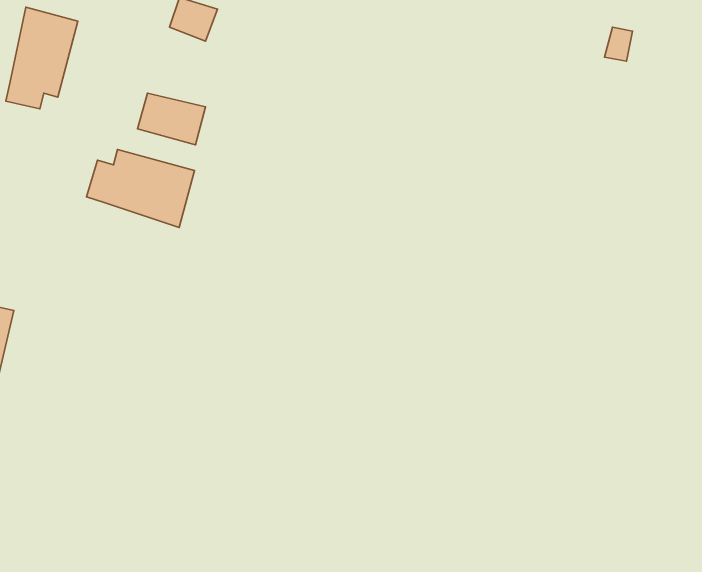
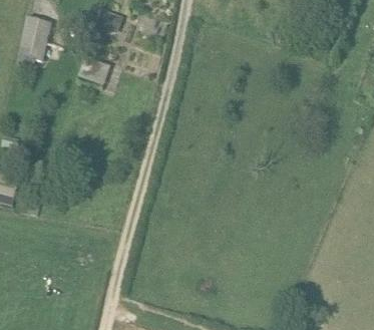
building: [87,149,194,227] -> none

